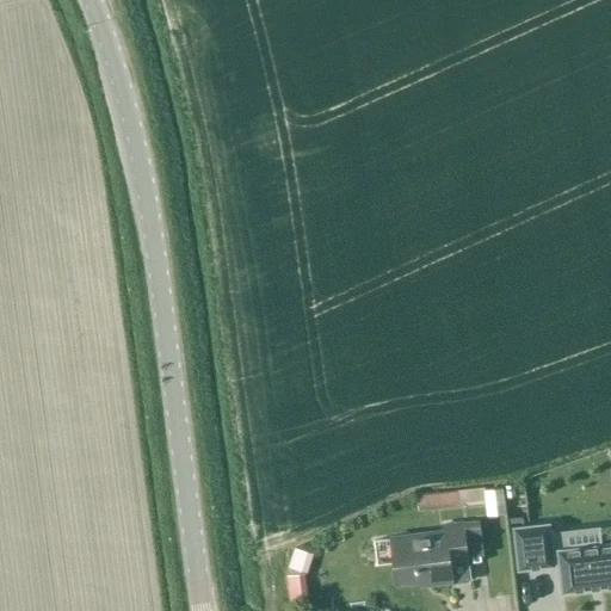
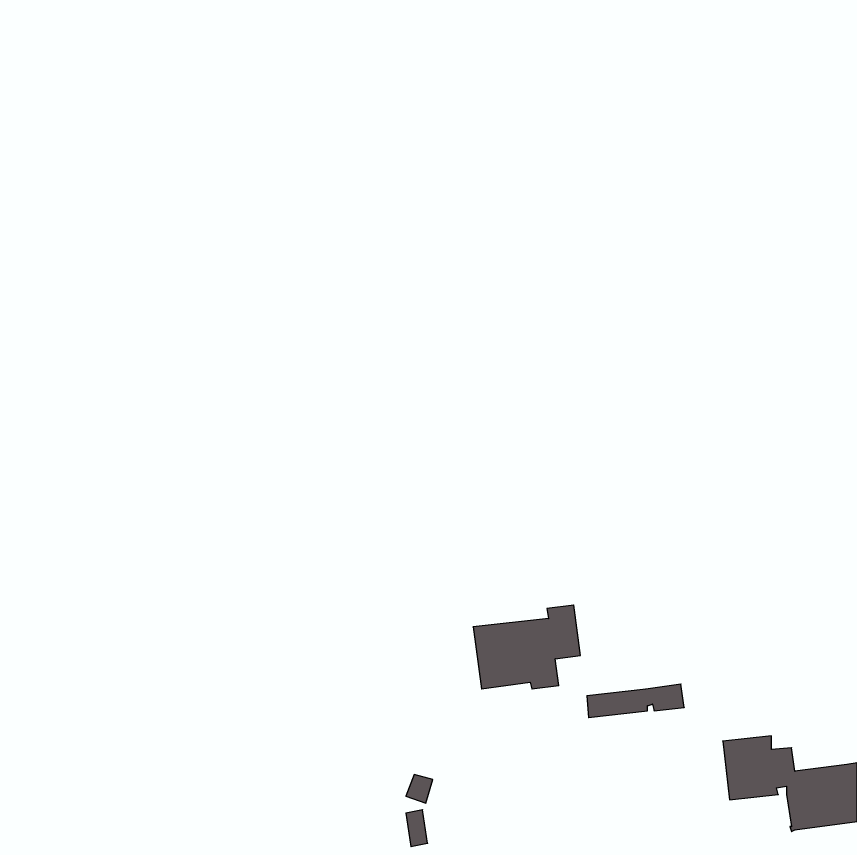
building: [391,524,468,584] -> [473,605,580,689]

